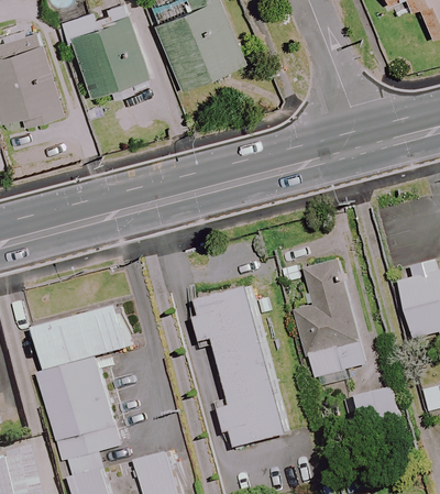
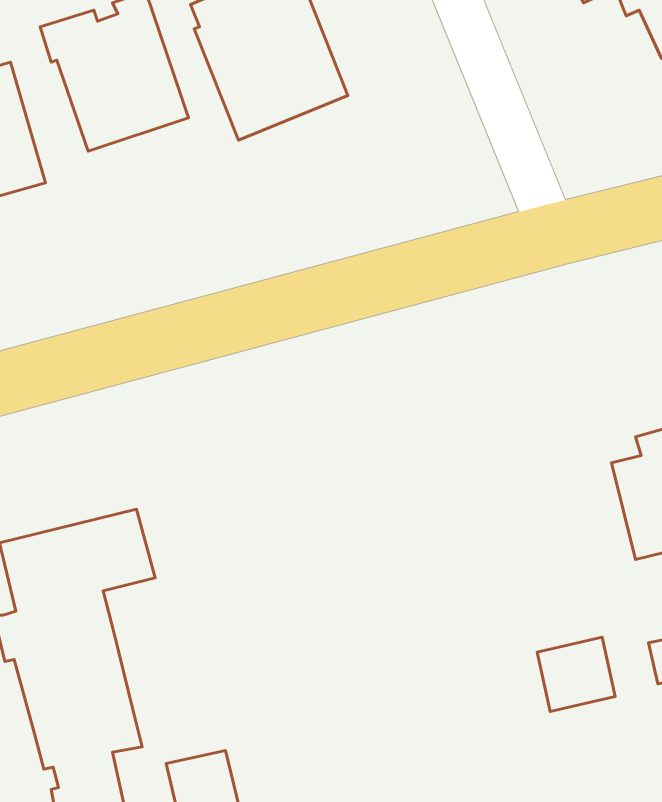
building: [292,260,366,380] -> none
building: [189,284,287,448] -> none

